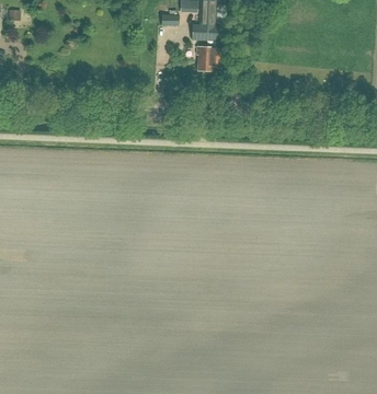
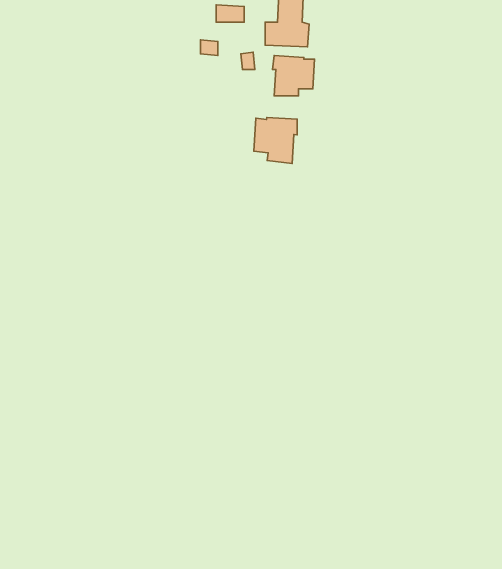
building: none -> [254,117,297,164]

